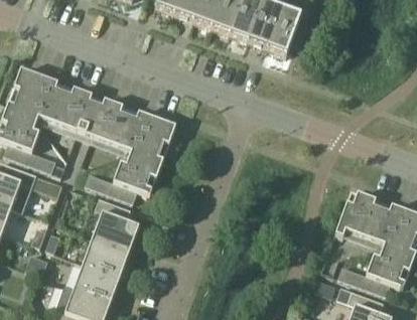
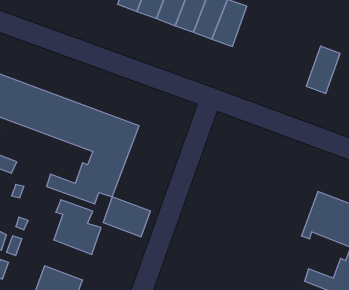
building: [267,8,300,54] -> [306,46,340,94]
building: [83,236,129,276] -> [103,197,150,237]

